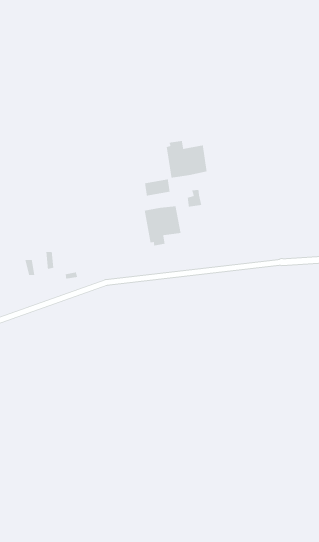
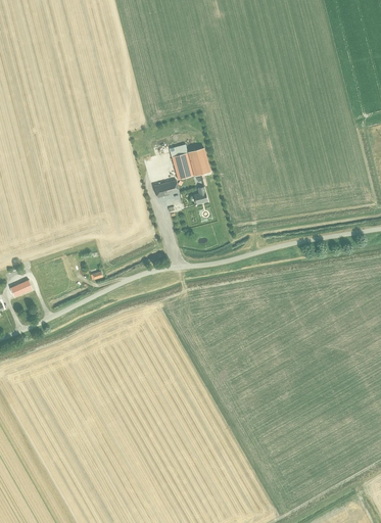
building: [144,205,181,246] -> none

